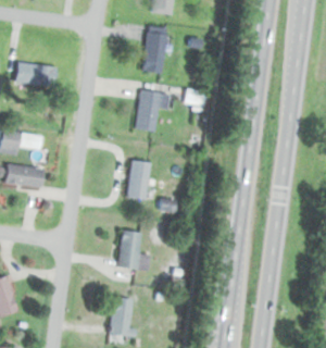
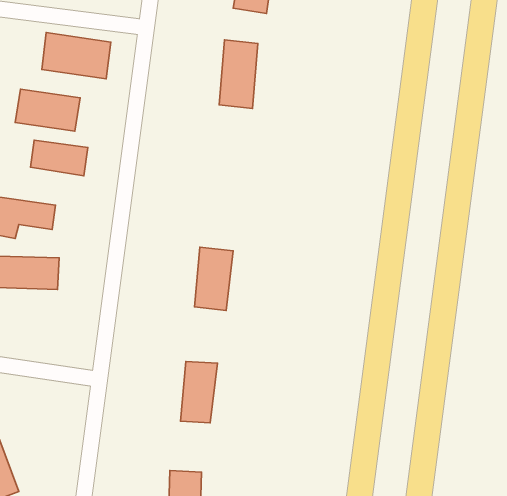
building: none -> [42,33,111,79]
building: [136,90,170,132] -> none
building: none -> [30,140,88,176]

